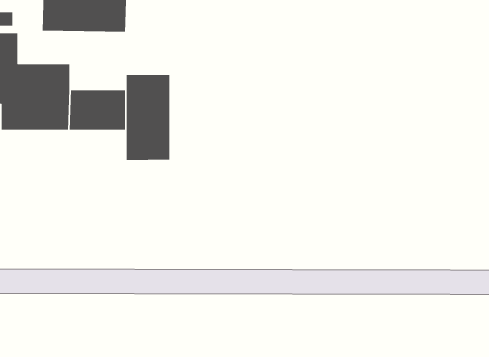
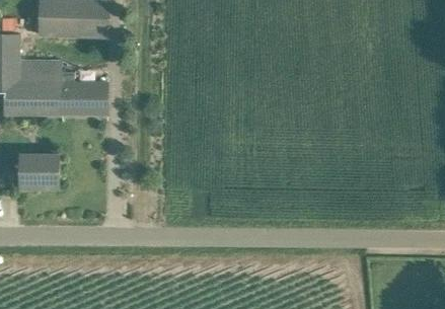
building: [126,74,170,161] -> none
building: none -> [20,154,59,186]

